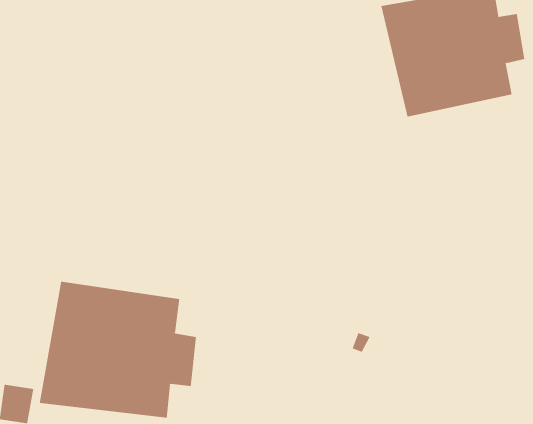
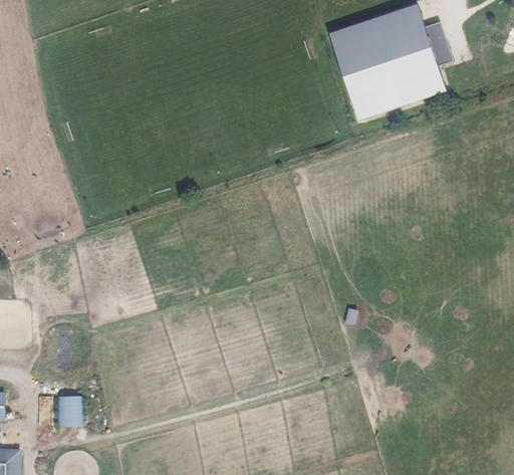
building: [39,281,196,418] -> none

